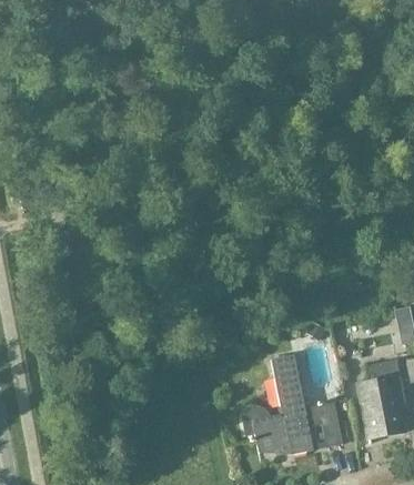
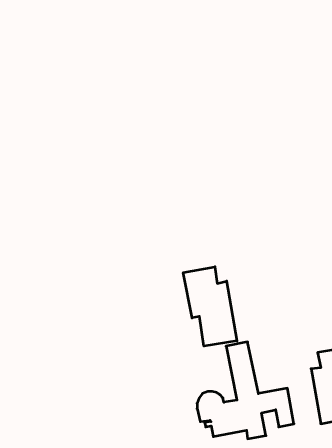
building: none -> [183,267,237,346]

